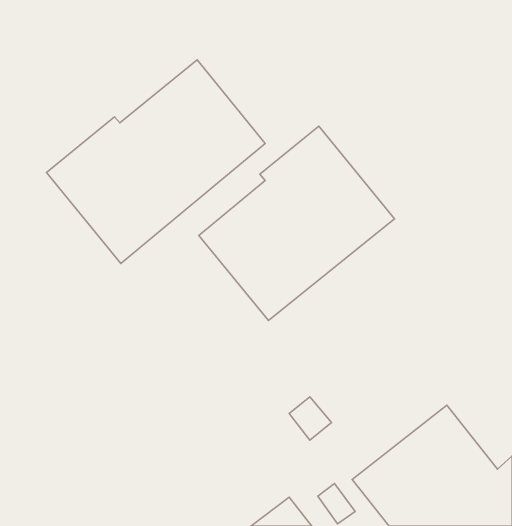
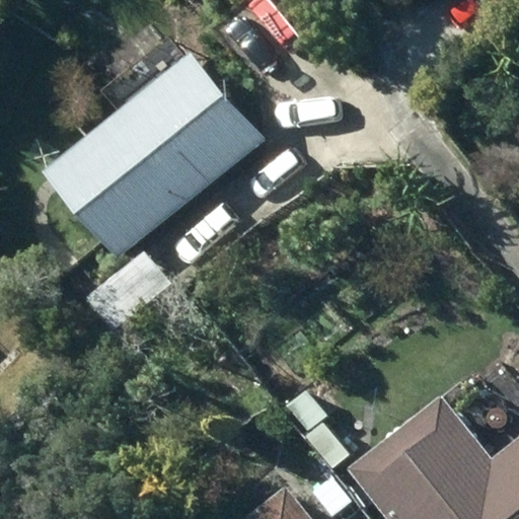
building: [199,126,394,321] -> none

